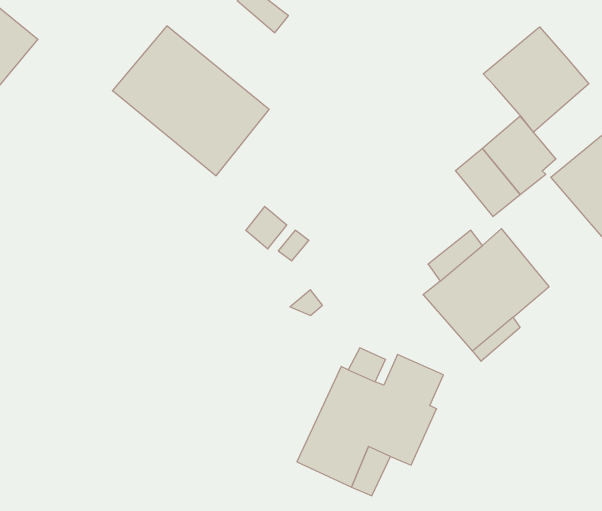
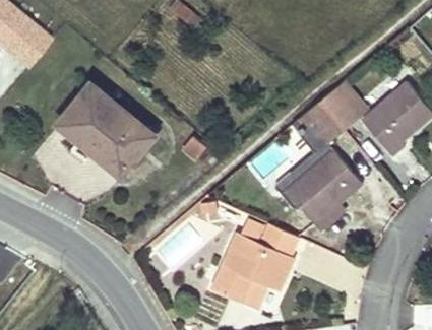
building: [112,26,269,176] -> [59,85,152,175]
building: [483,27,589,132] -> none

